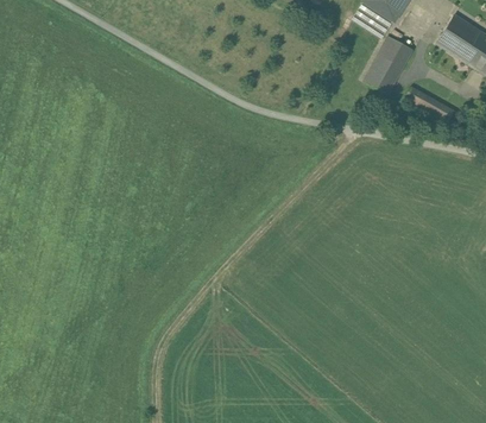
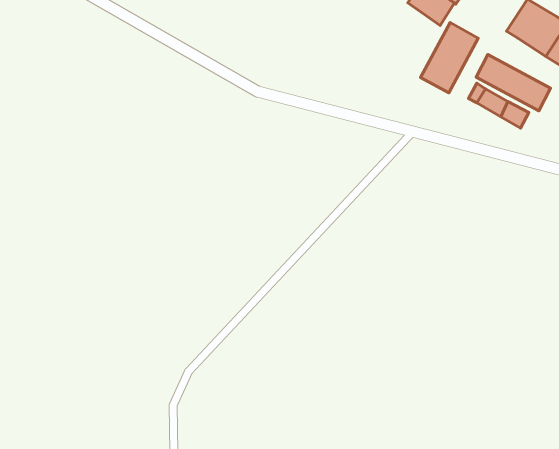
building: none -> [476,55,551,111]

